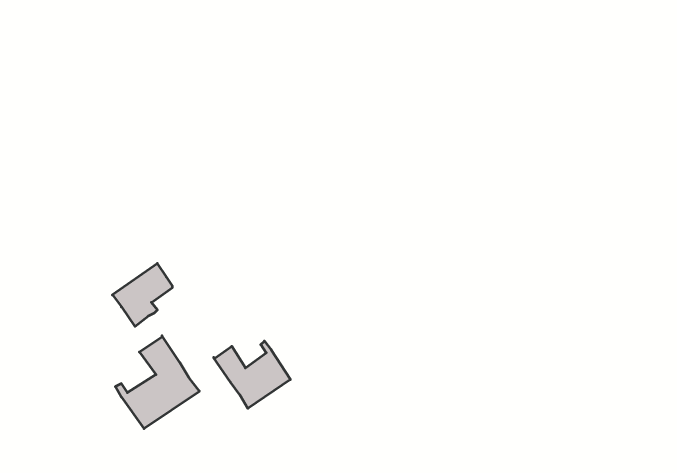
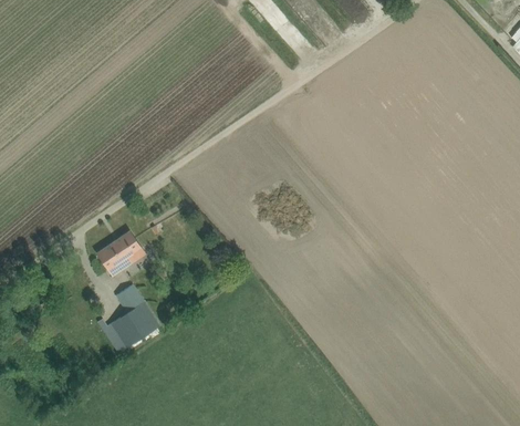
building: [214,341,290,408] -> none

